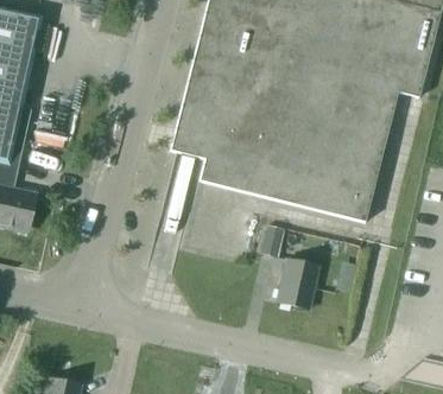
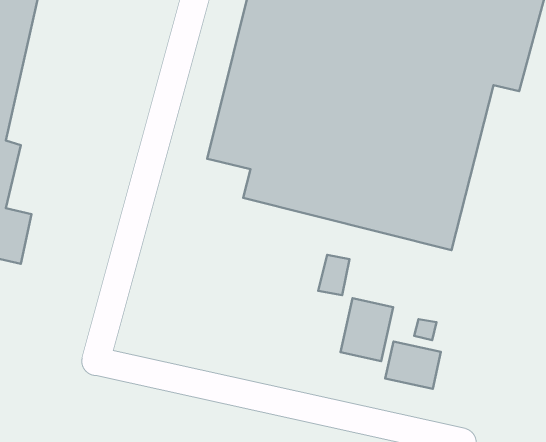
building: none -> [385,341,441,389]

